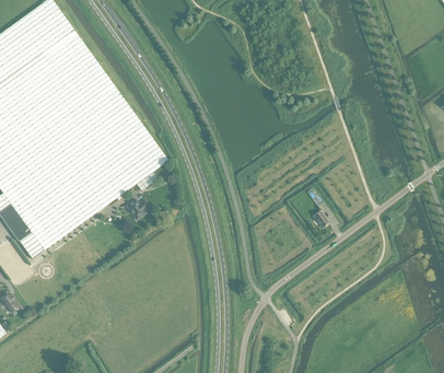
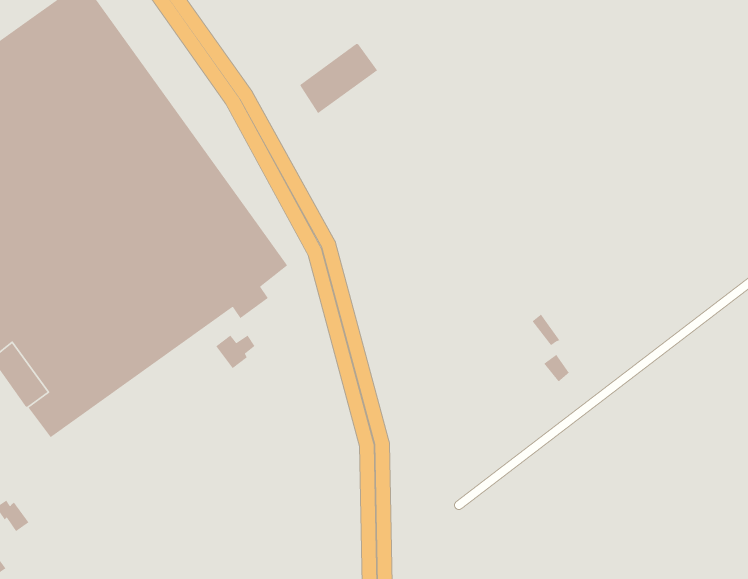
building: none -> [299,43,378,114]

